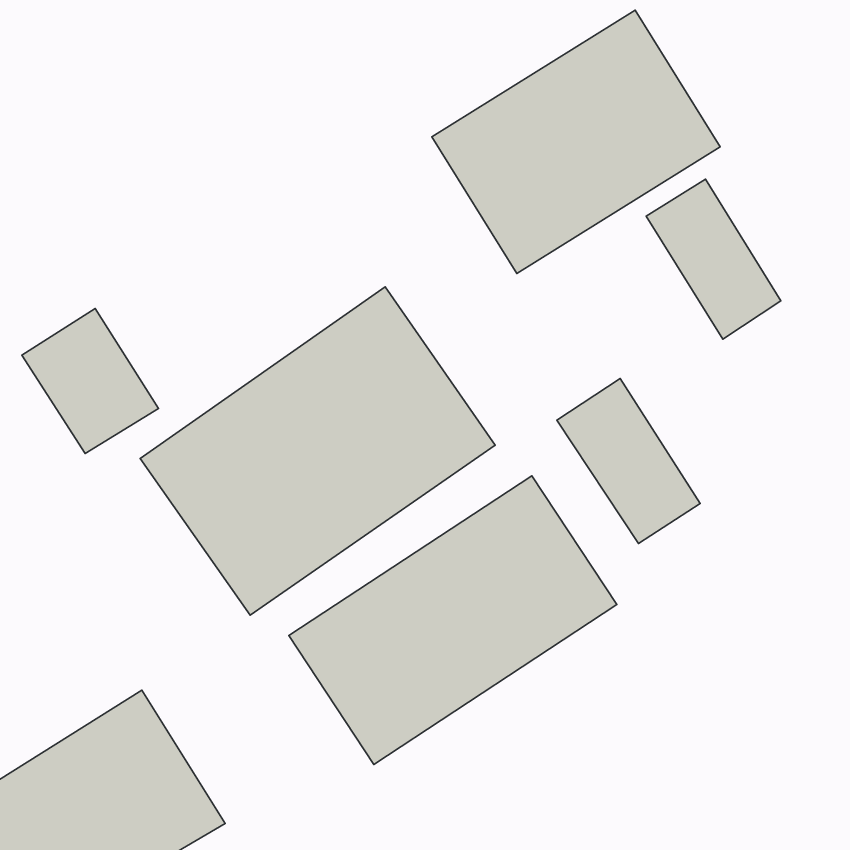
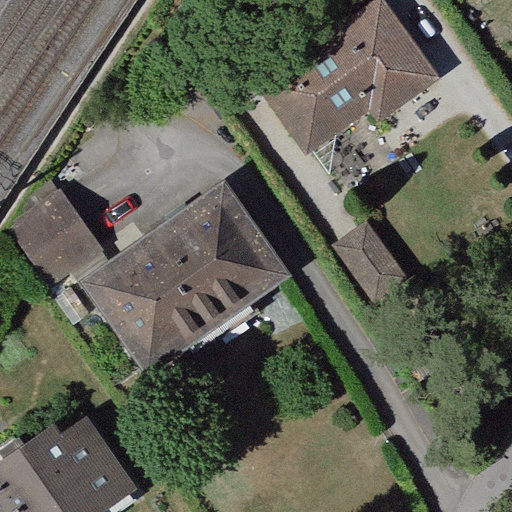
building: [646,179,781,339] -> none
building: [289,476,617,764] -> none

